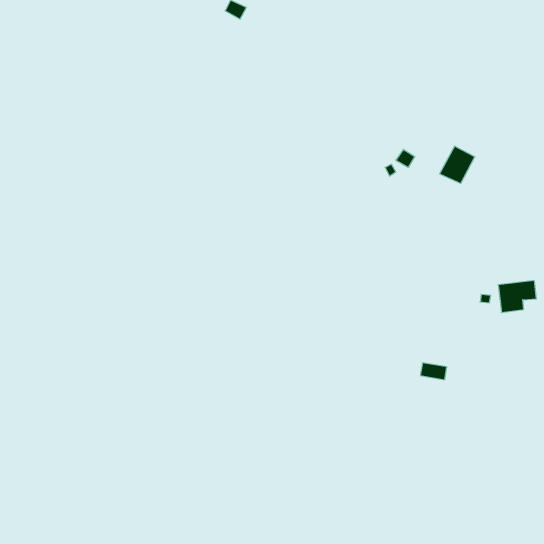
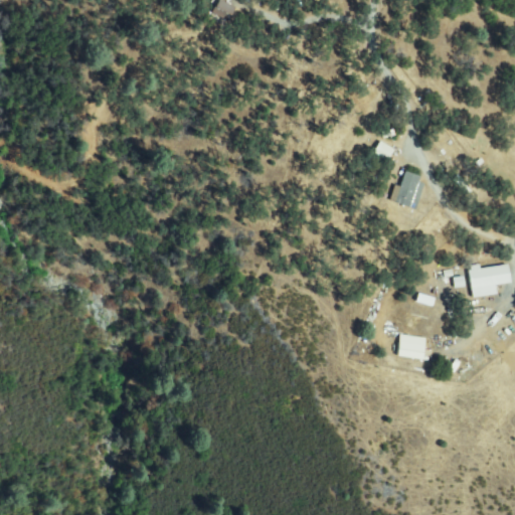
building: [440,146,475,183] -> [392,172,425,207]

